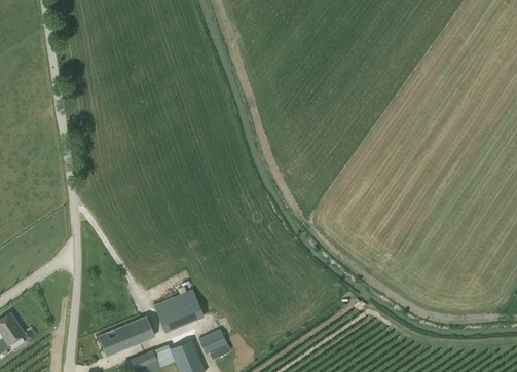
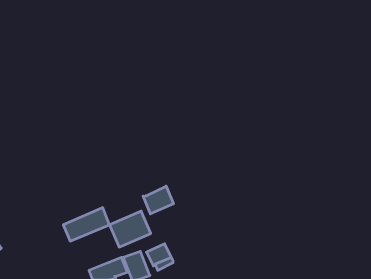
building: none -> [143,186,173,214]
building: [99,315,154,356] -> [63,208,110,241]

